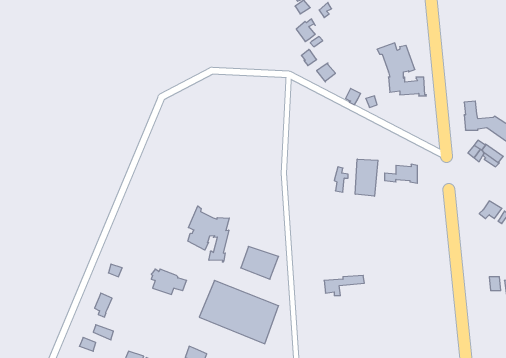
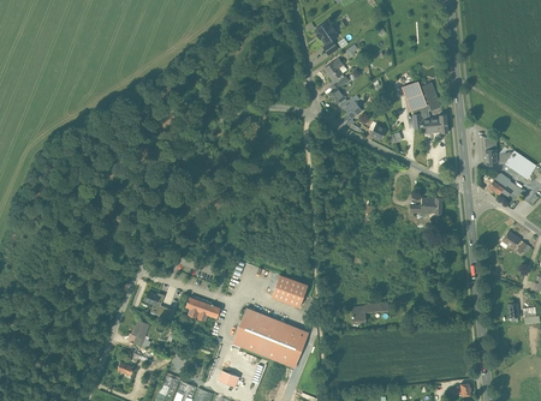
building: [355,159,378,196] -> none
building: [188,206,229,262] -> none

